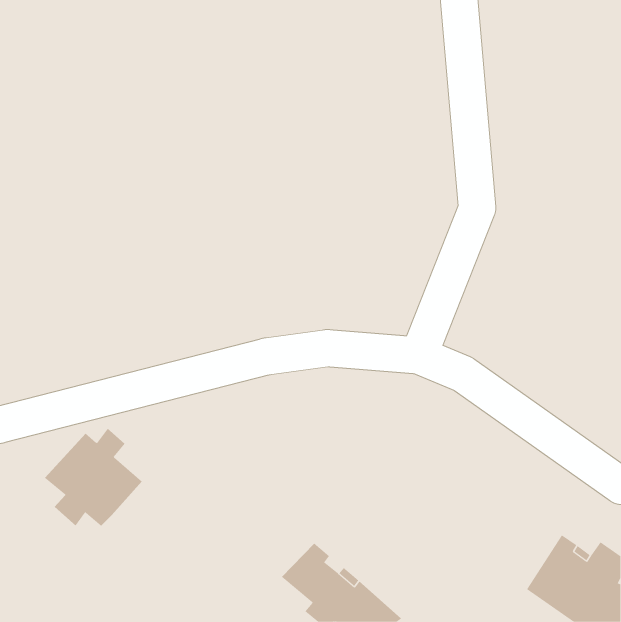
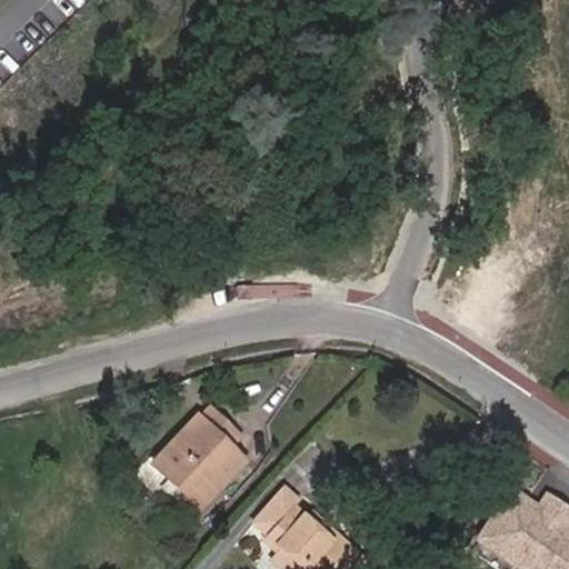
building: [44,428,143,526] -> [156,412,246,502]

